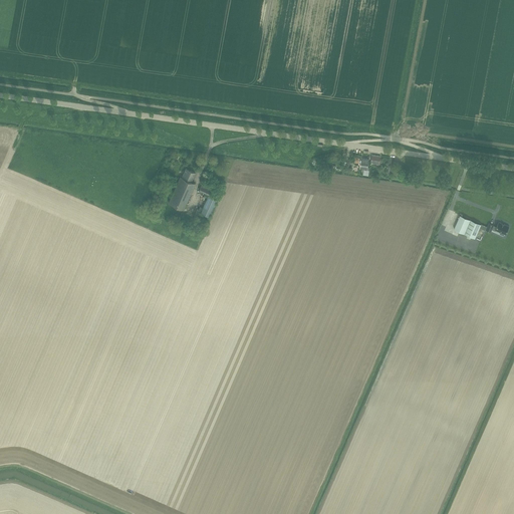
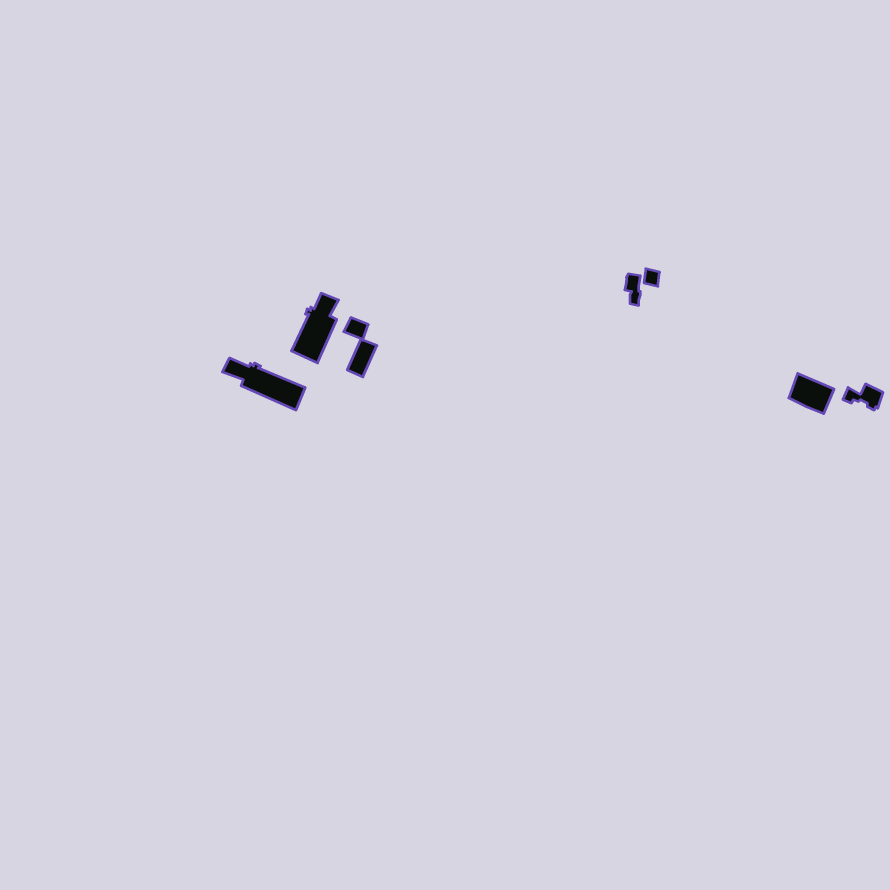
building: none -> [222,358,305,410]

